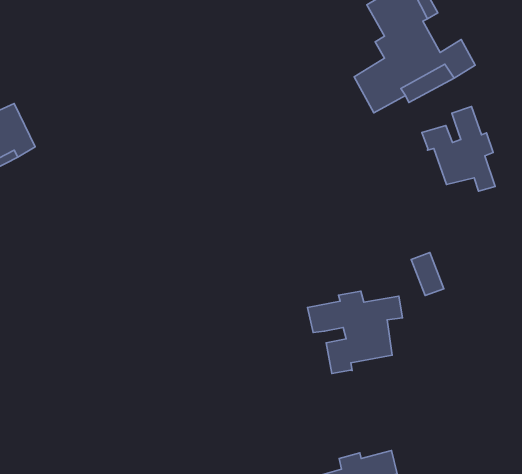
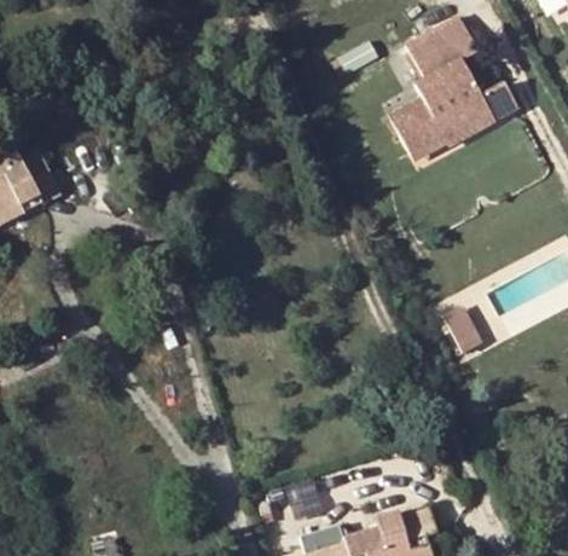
building: [422,107,495,191] -> none
building: [308,291,403,374] -> none

